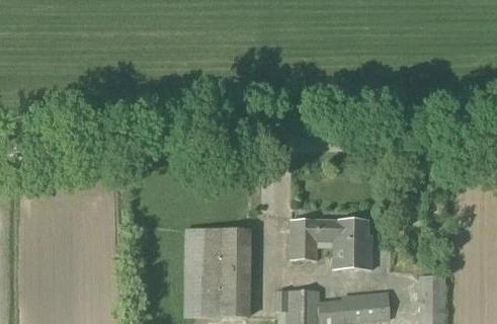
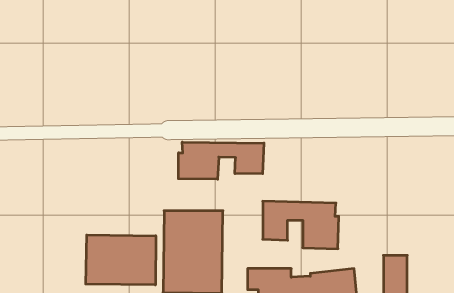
building: none -> [178,142,264,179]
building: none -> [86,235,156,285]

